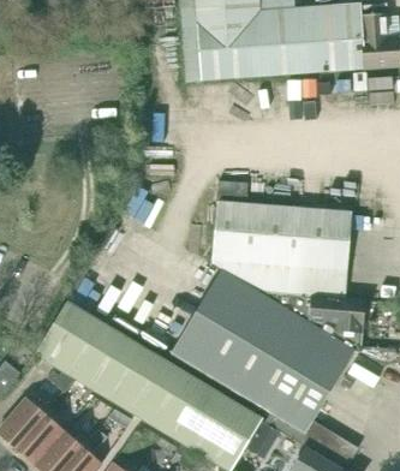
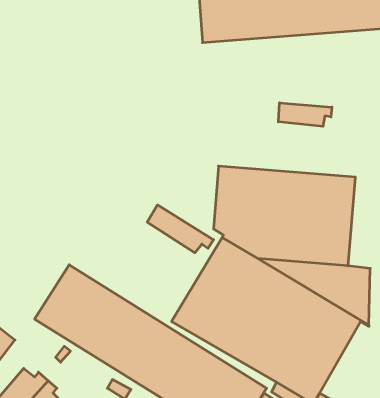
building: none -> [278,103,332,126]
building: none -> [147,205,214,253]

